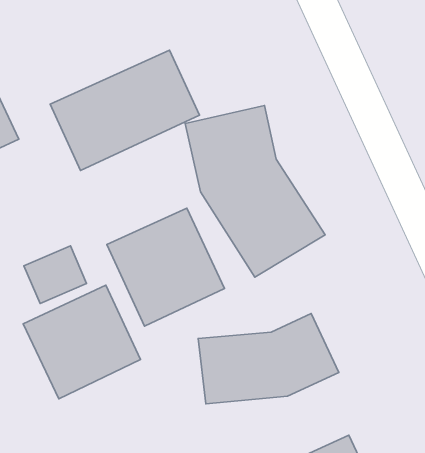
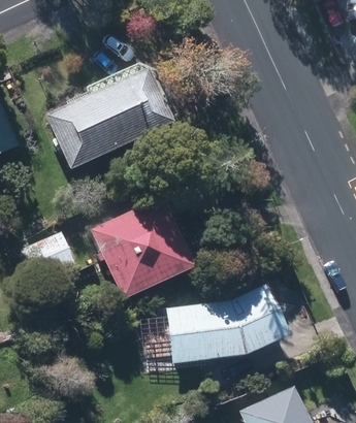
building: [185,106,325,277] -> none
building: [23,285,141,399] -> none

